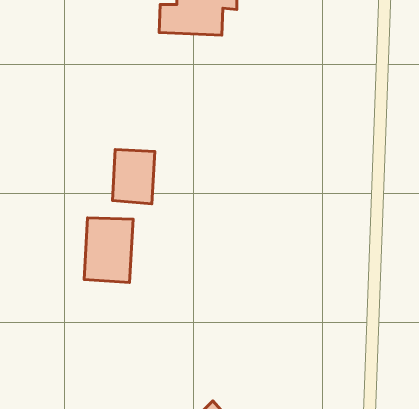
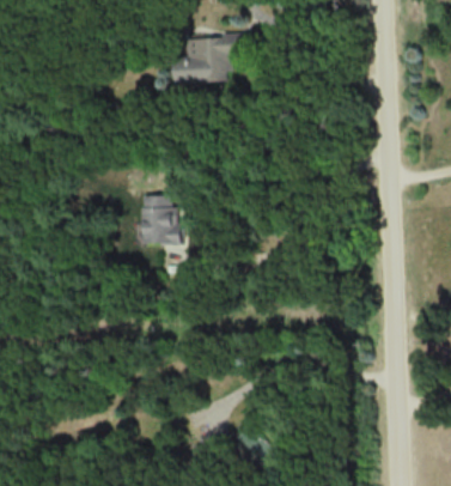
building: [84,218,133,282] -> none

